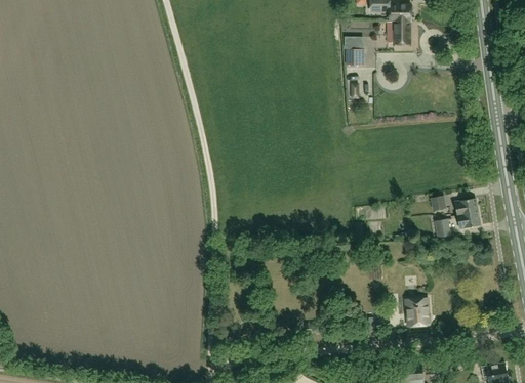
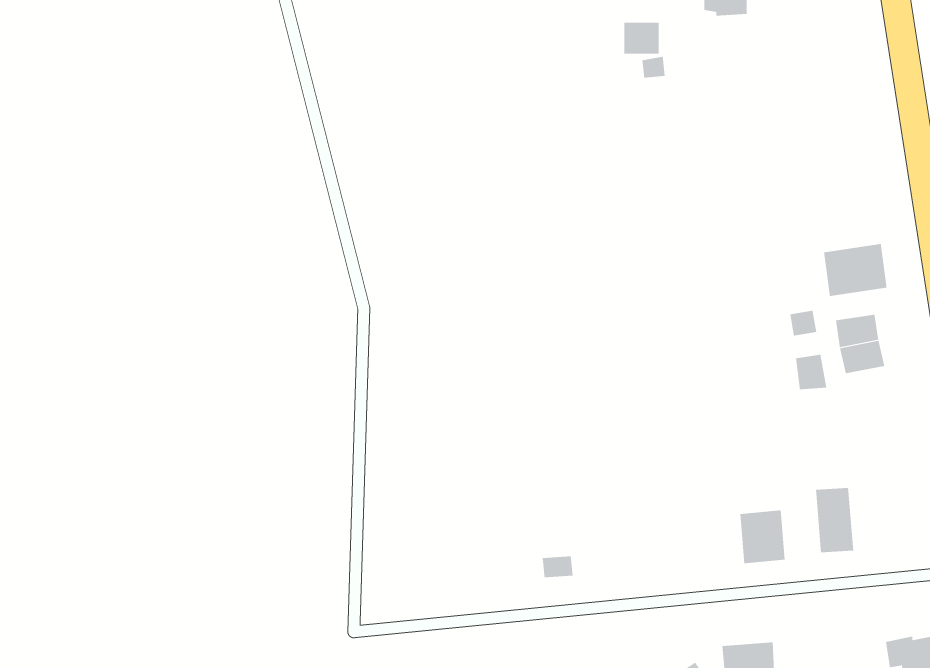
building: none -> [823,243,887,297]
building: none -> [815,487,854,553]

